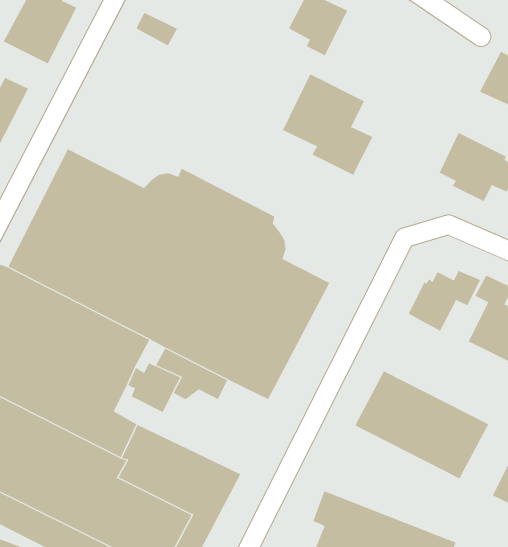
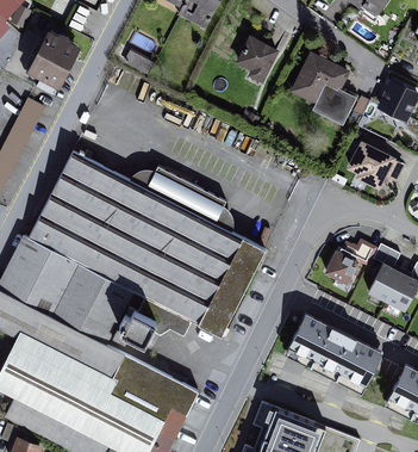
building: [282,73,373,176] -> [289,50,356,125]

